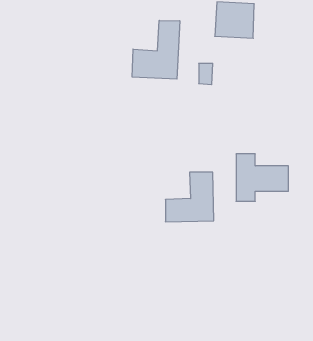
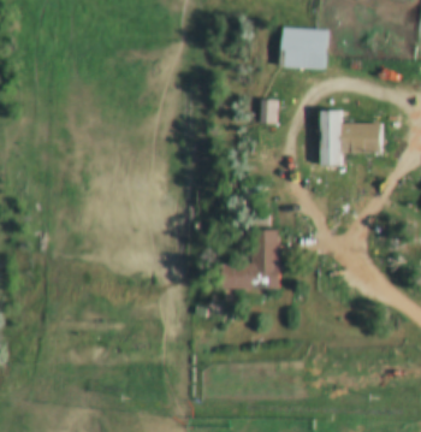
building: [132,20,180,79] -> none
building: [236,154,288,201] -> [320,110,383,166]

